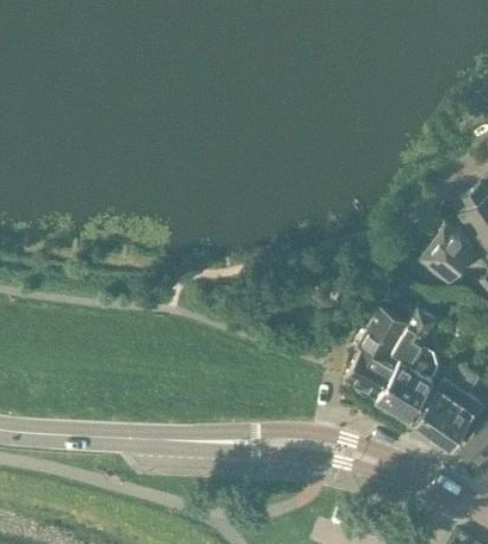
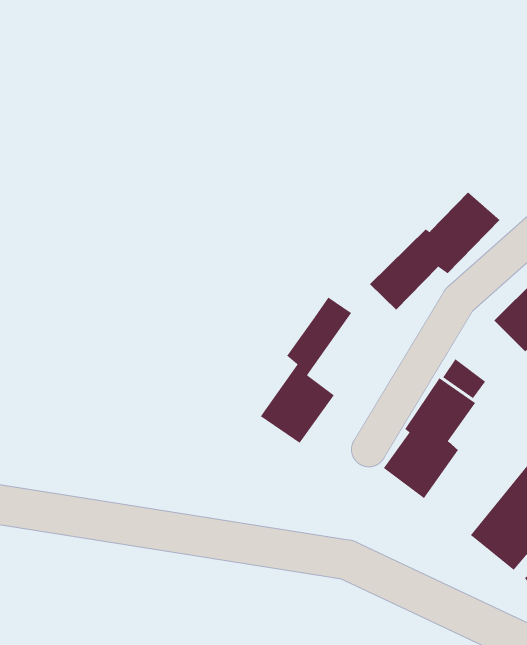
building: none -> [369,191,501,311]
building: [379,308,441,421] -> [260,296,352,444]

